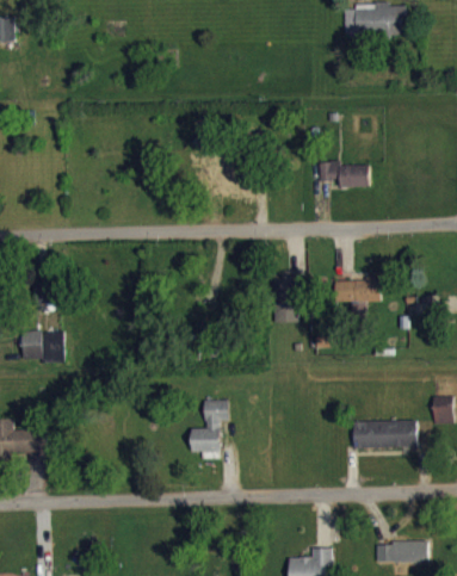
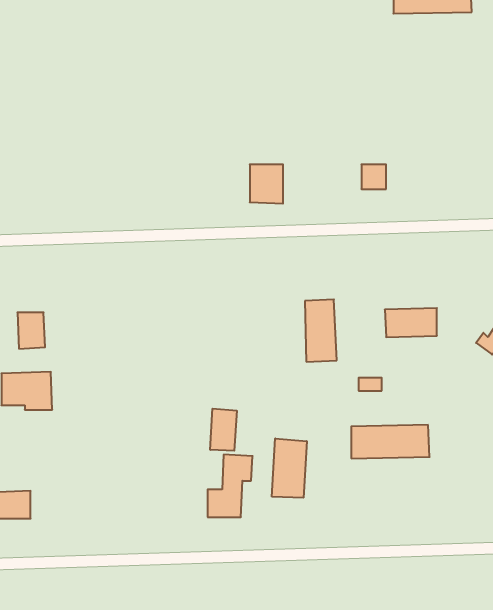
building: [339,163,369,187] -> none
building: none -> [210,409,237,451]
building: none -> [272,438,307,498]
building: [353,421,418,448] -> [351,425,430,458]

